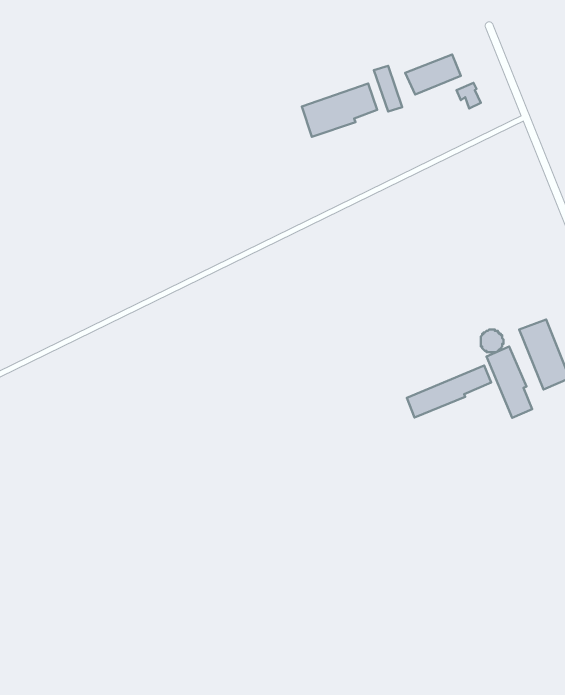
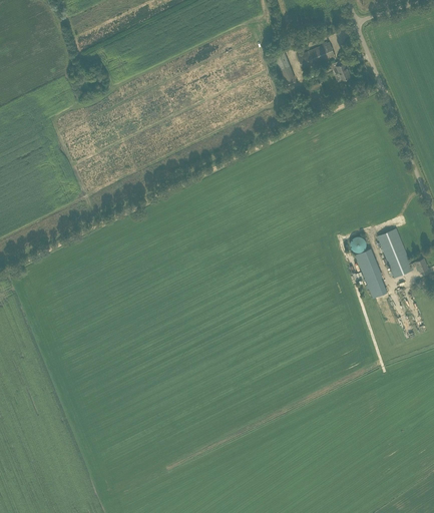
building: [302,83,377,137] -> none
building: [407,366,491,418] -> none

